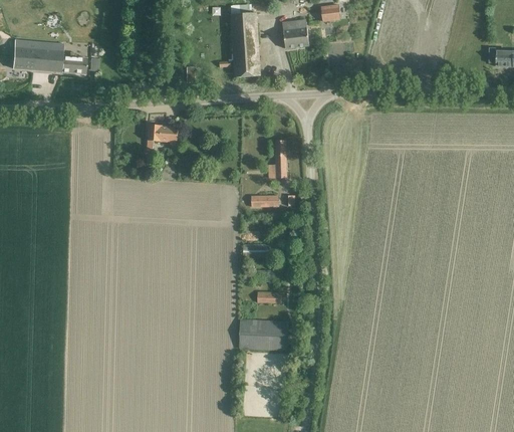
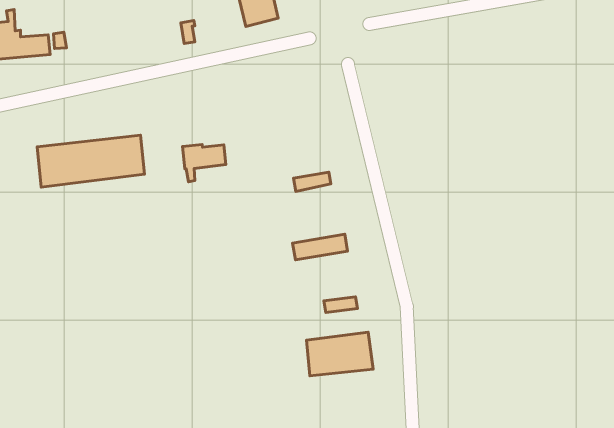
building: [147,124,179,151] -> [182,144,226,182]
building: [268,140,287,179] -> none
building: none -> [37,135,144,187]

